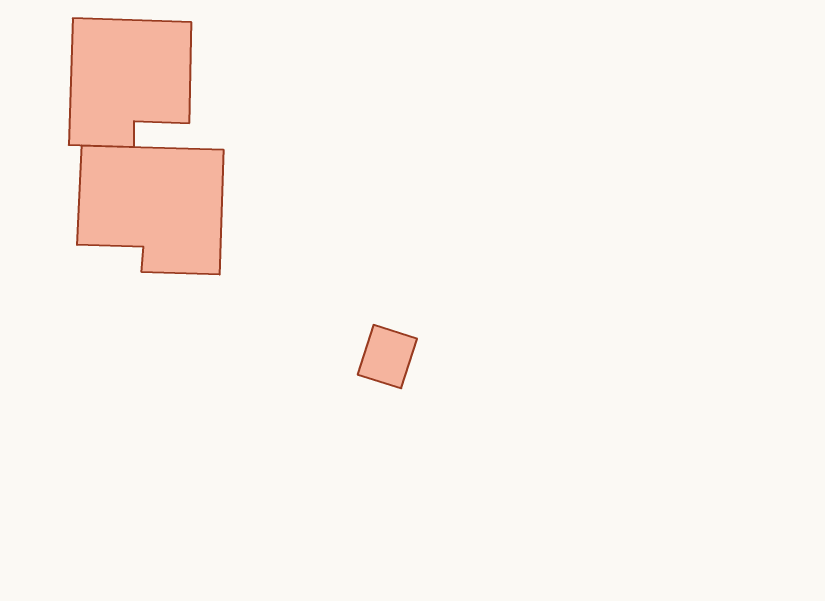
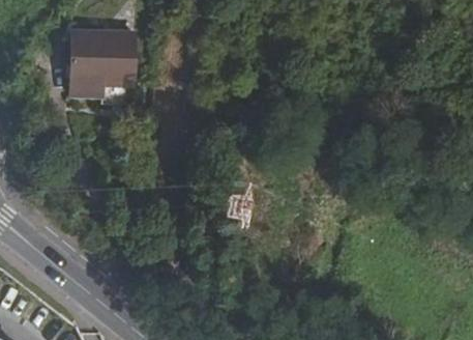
building: [77,145,223,275] -> none

